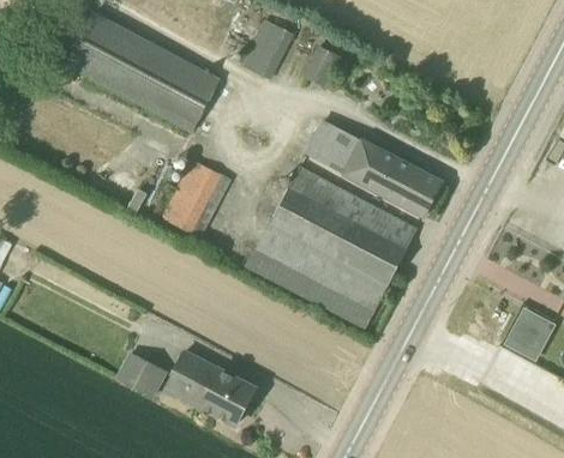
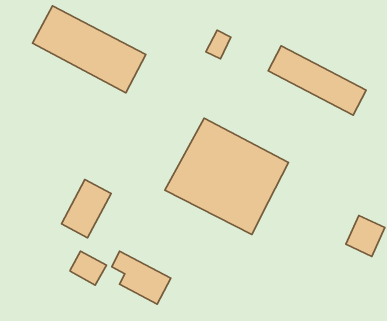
building: [244,23,292,77] -> none
building: [307,120,443,216] -> [268,46,366,115]
building: [162,159,230,240] -> [61,180,111,238]

